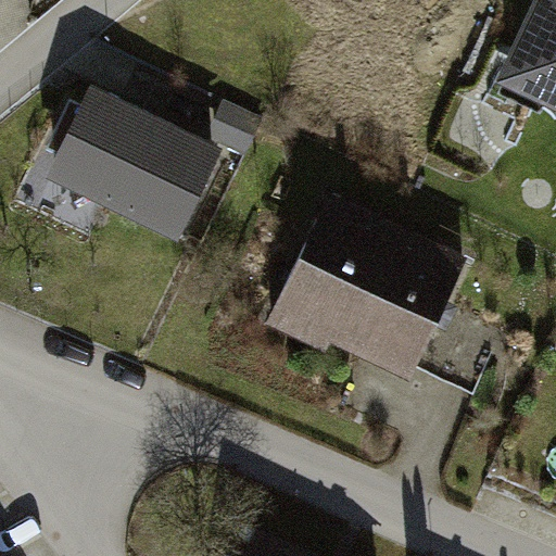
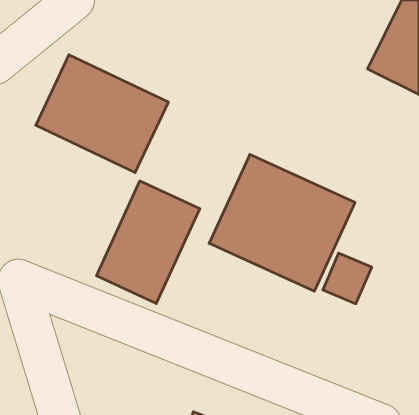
building: none -> [97,181,200,304]

